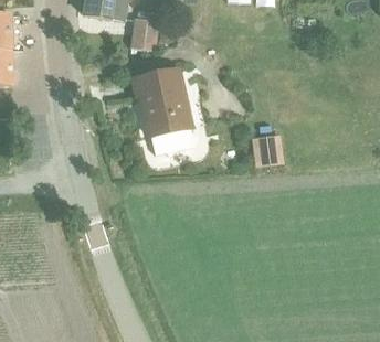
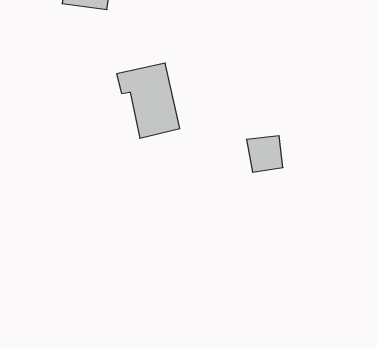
building: [131,18,159,51] -> none

